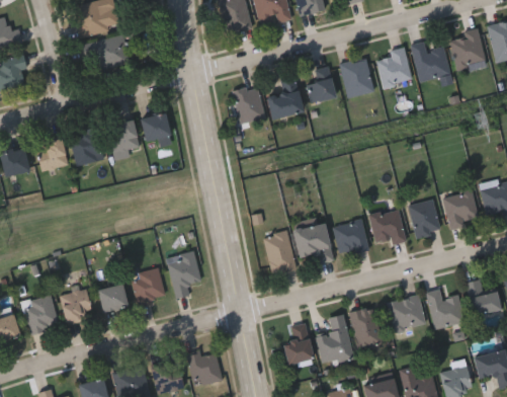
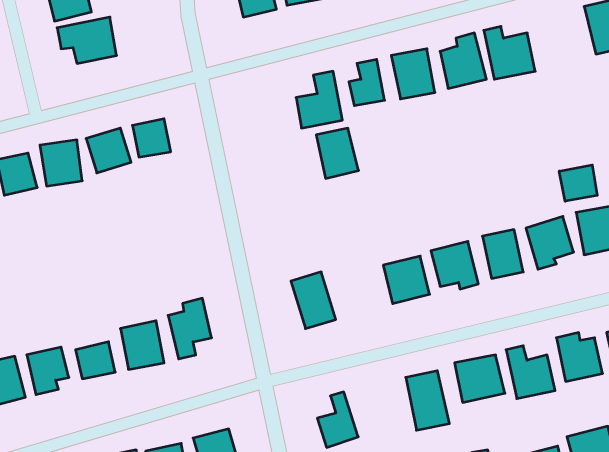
building: [449,28,485,72] -> none
building: [232,86,264,125] -> [316,128,359,178]
building: none -> [559,165,597,201]
building: [292,222,333,261] -> none
building: [316,313,353,364] -> none

